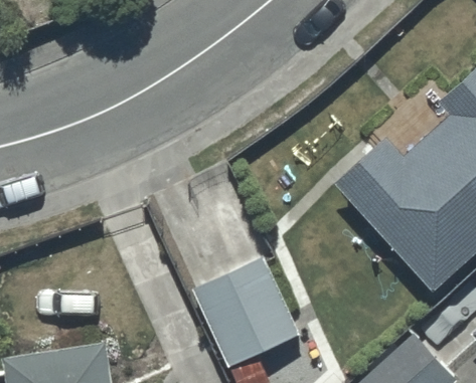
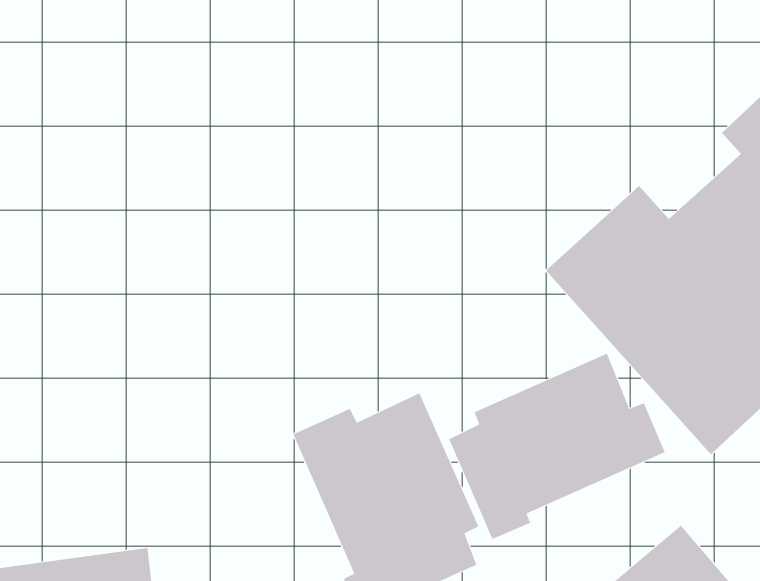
building: none -> [448,353,665,540]

